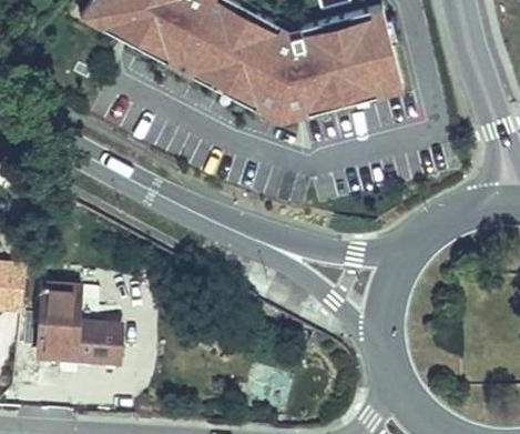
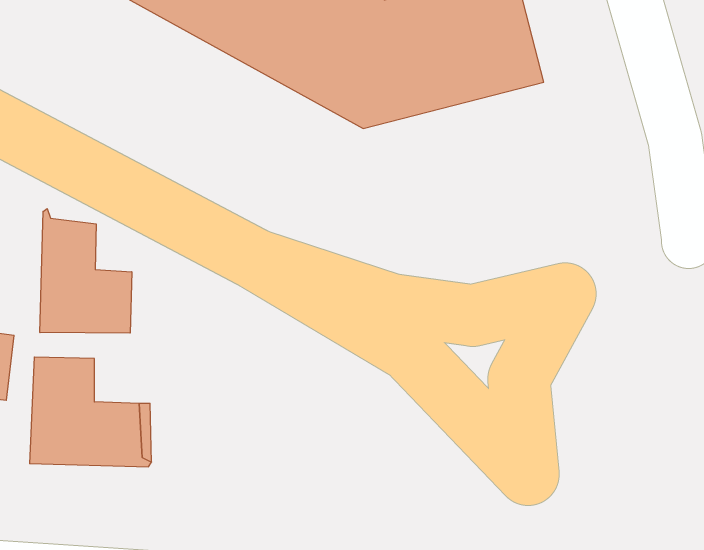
building: none -> [40,209,132,333]

